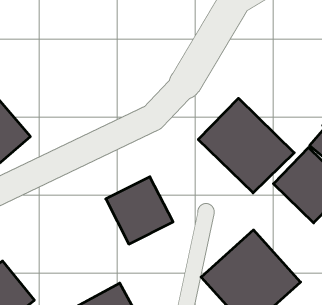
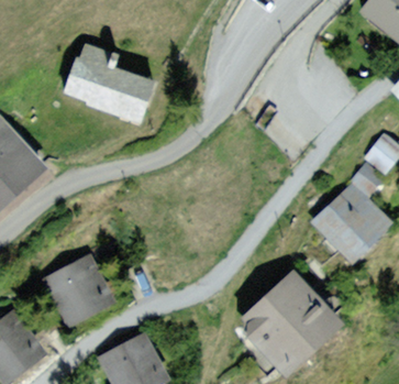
building: none -> [64,41,154,124]
building: [198,98,294,193] -> none
building: [106,177,173,244] -> [41,259,114,332]

